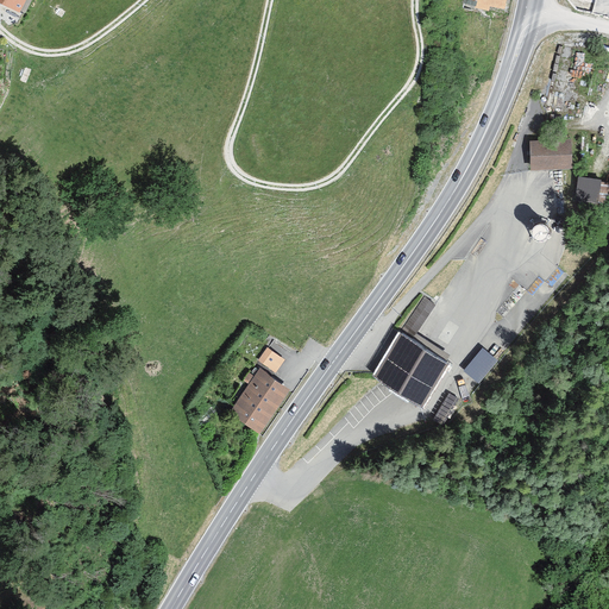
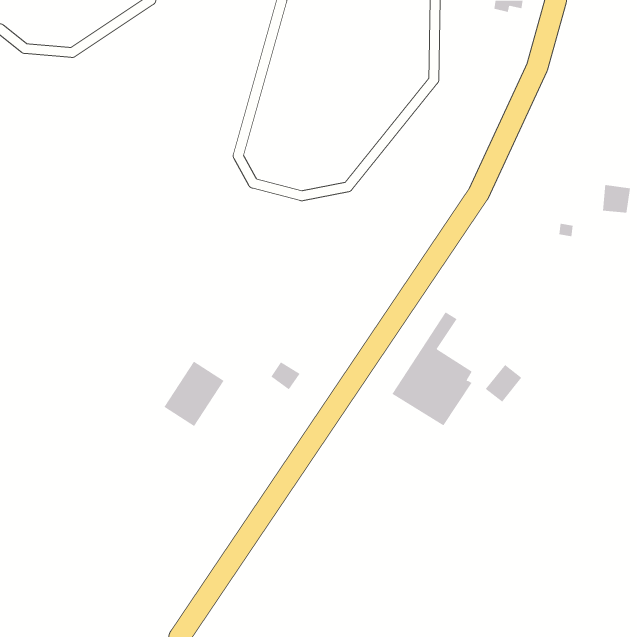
building: [529,139,572,170] -> none
building: [227,371,285,434] -> [163,361,225,427]

